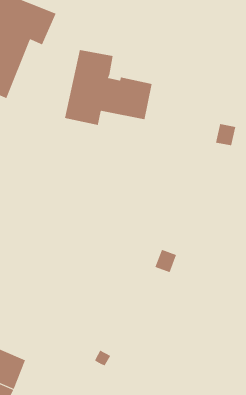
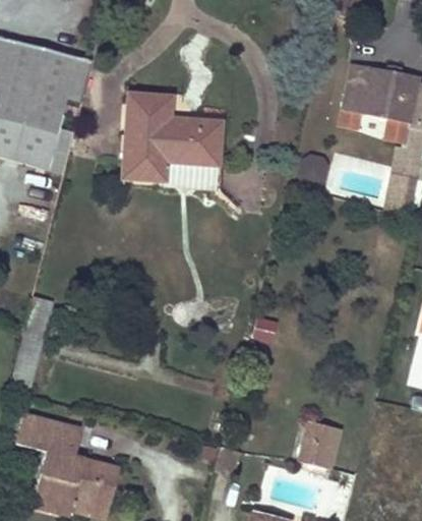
building: none -> [299,421,341,470]

